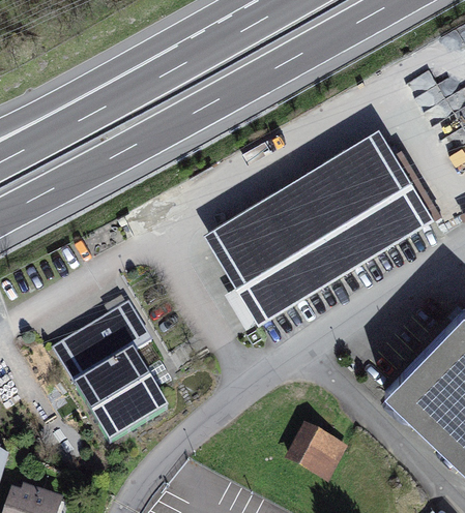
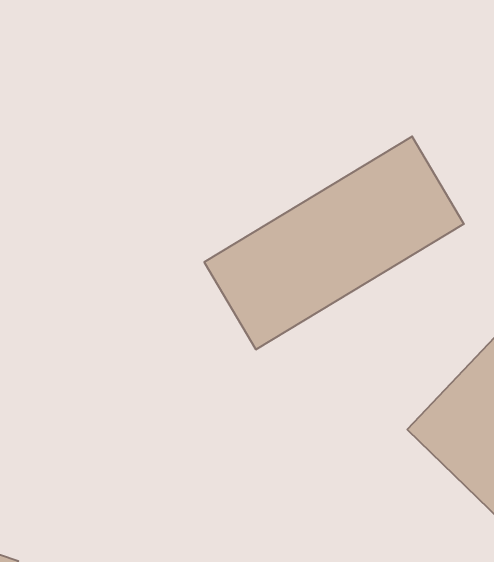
building: [54,301,168,441] -> none
building: [292,426,343,474] -> none

